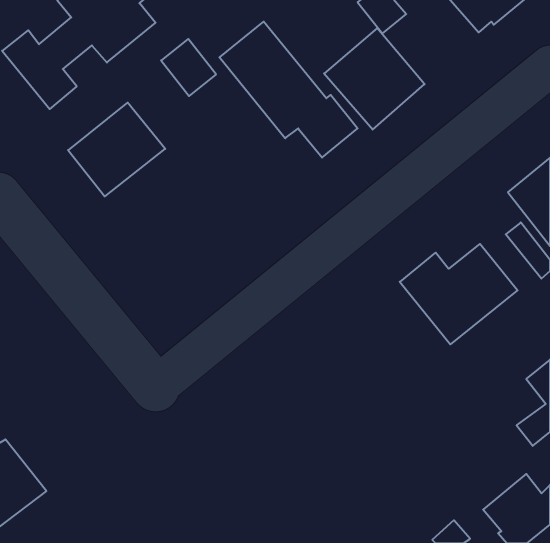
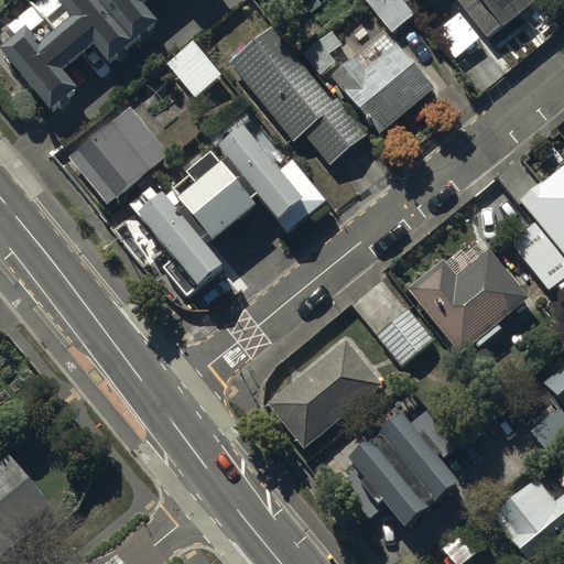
building: none -> [219,129,326,231]
building: none -> [180,165,257,242]
building: none -> [139,196,223,289]
building: none -> [373,310,433,369]
building: none -> [268,338,382,445]
building: none -> [350,423,460,538]

